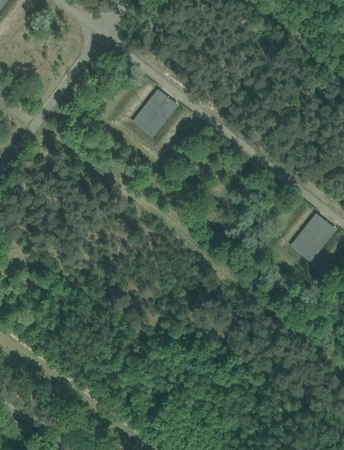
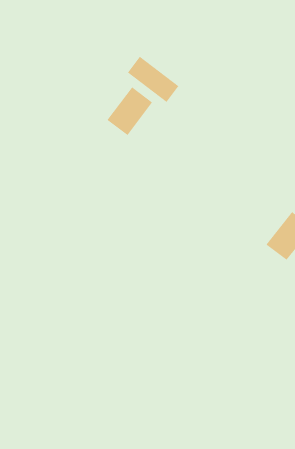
building: none -> [127,56,179,103]

